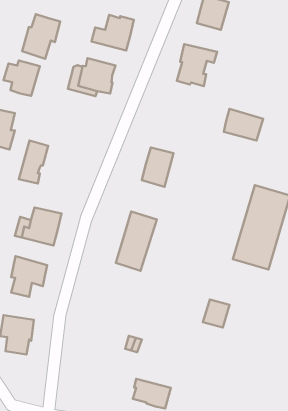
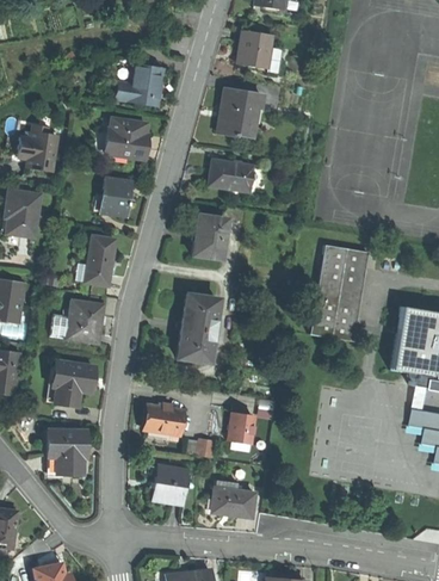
building: [22,14,60,59] -> none
building: none -> [100,179,131,215]
building: [224,109,263,141] -> [209,159,253,192]
building: [19,141,48,183] -> [86,235,116,284]
building: [203,299,230,327] -> [227,412,255,443]
building: none -> [147,404,184,434]
building: none -> [152,464,188,505]

